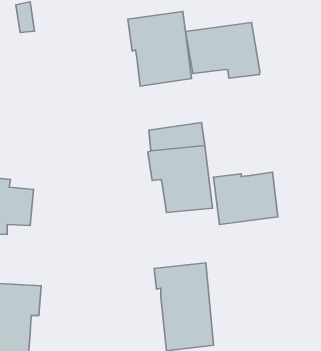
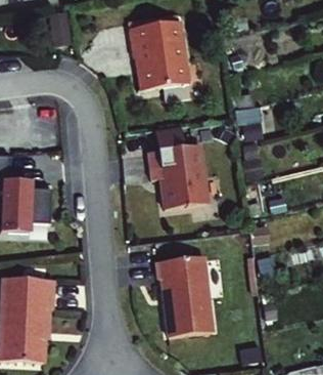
building: [185,22,260,78] -> none
building: [214,172,278,225] -> none

